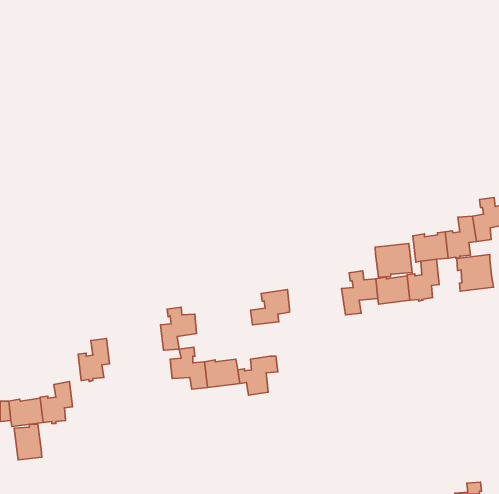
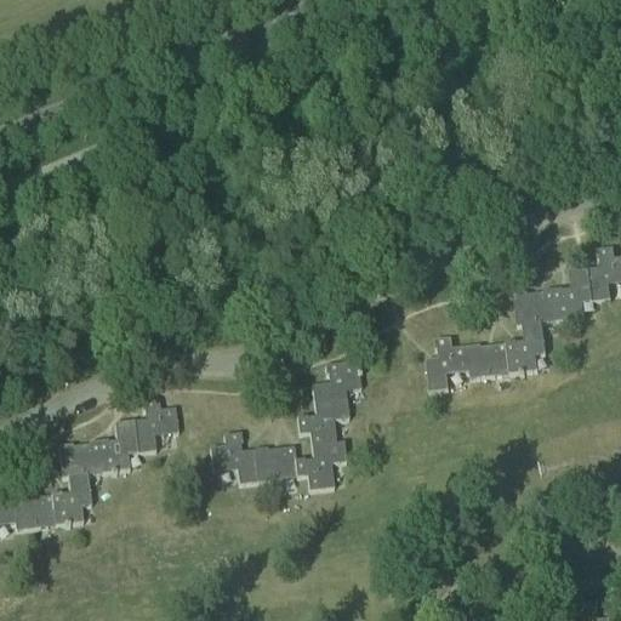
building: [375,244,412,277] -> none
building: [457,255,493,291] -> none
building: [160,307,197,350] -> [133,398,178,451]
building: none -> [297,399,349,445]
building: none -> [58,439,102,477]
building: [14,424,42,460] -> none

